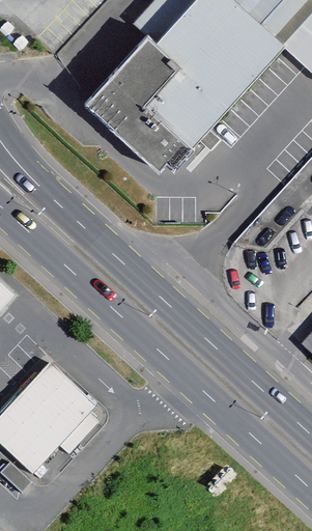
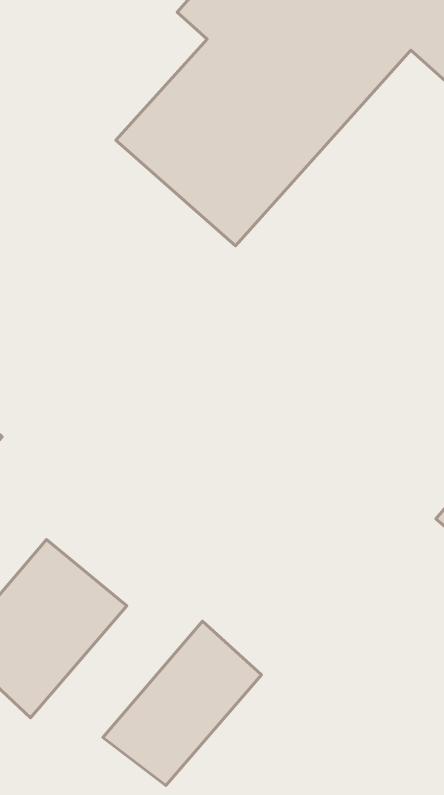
building: none -> [103,621,262,786]

